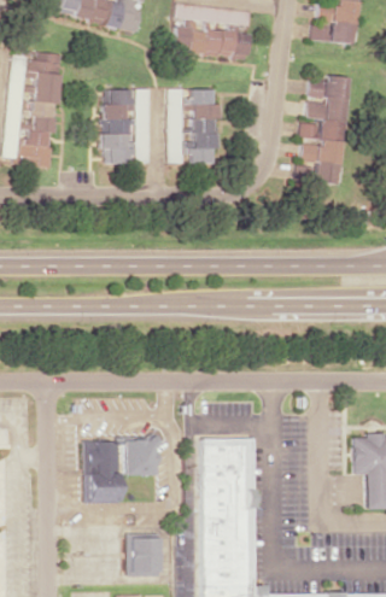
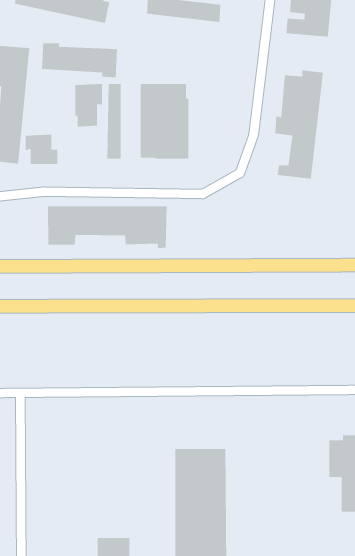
building: [171,24,246,59] -> [41,42,118,78]
building: [100,131,133,162] -> [25,134,58,165]
building: none -> [47,205,167,249]
building: [82,433,160,501] -> none

